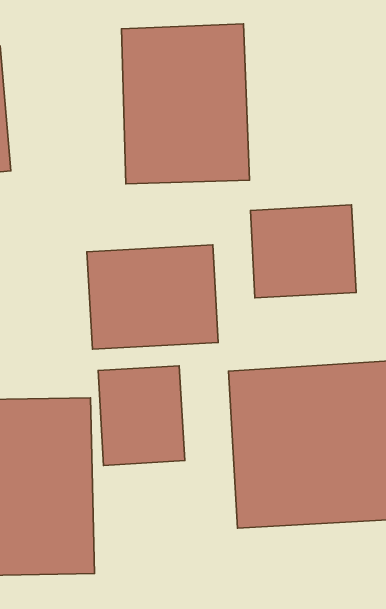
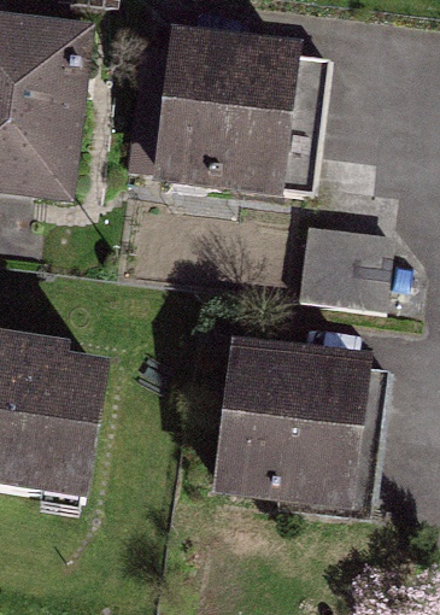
building: [87,245,218,349] -> none
building: [98,366,185,465] -> none

